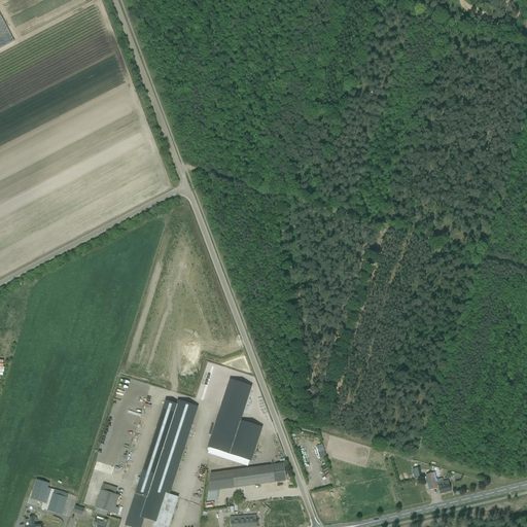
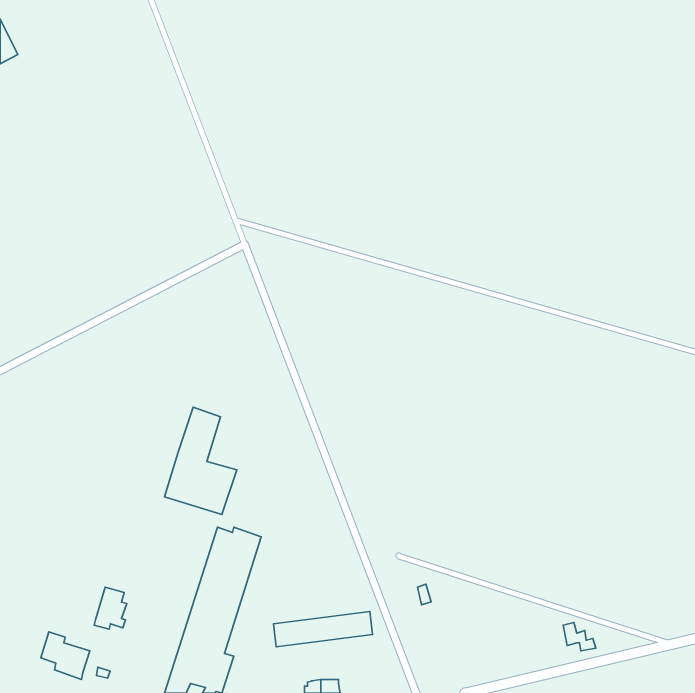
building: [208,379,262,460] -> [165,407,237,515]
building: [95,483,119,515] -> [94,587,127,629]

